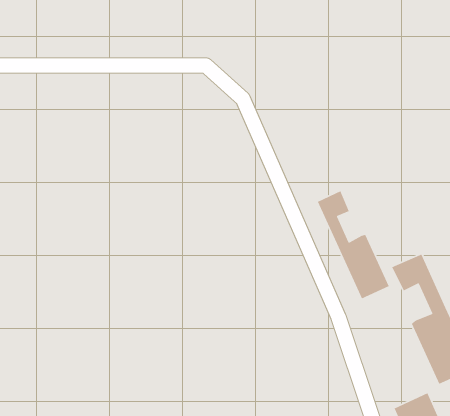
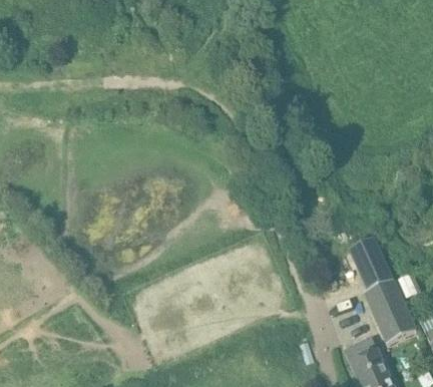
building: [317,190,390,300] -> none

